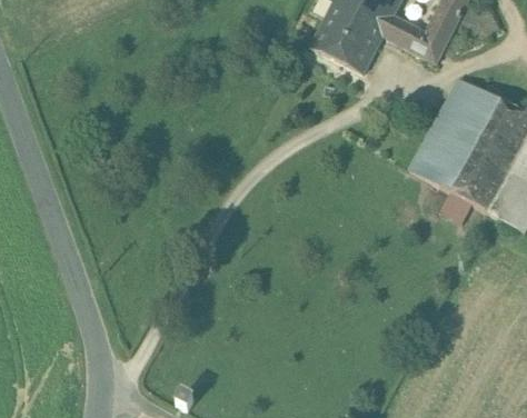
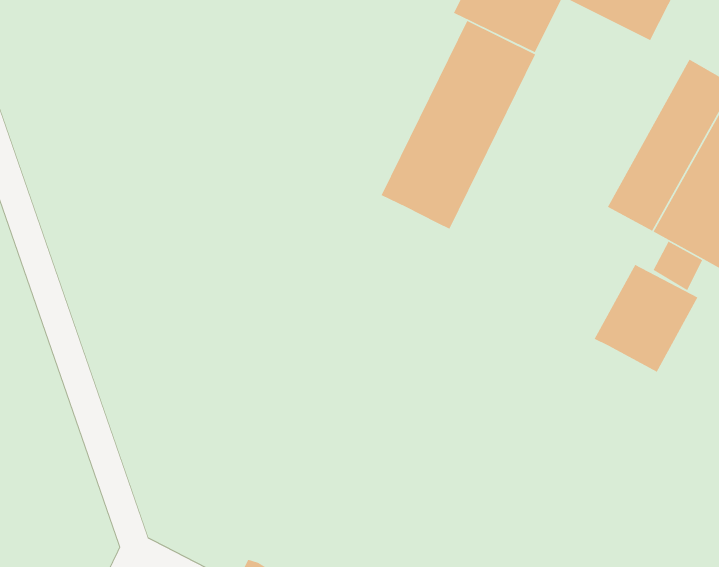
building: none -> [381,20,536,230]
building: none -> [593,264,699,373]

